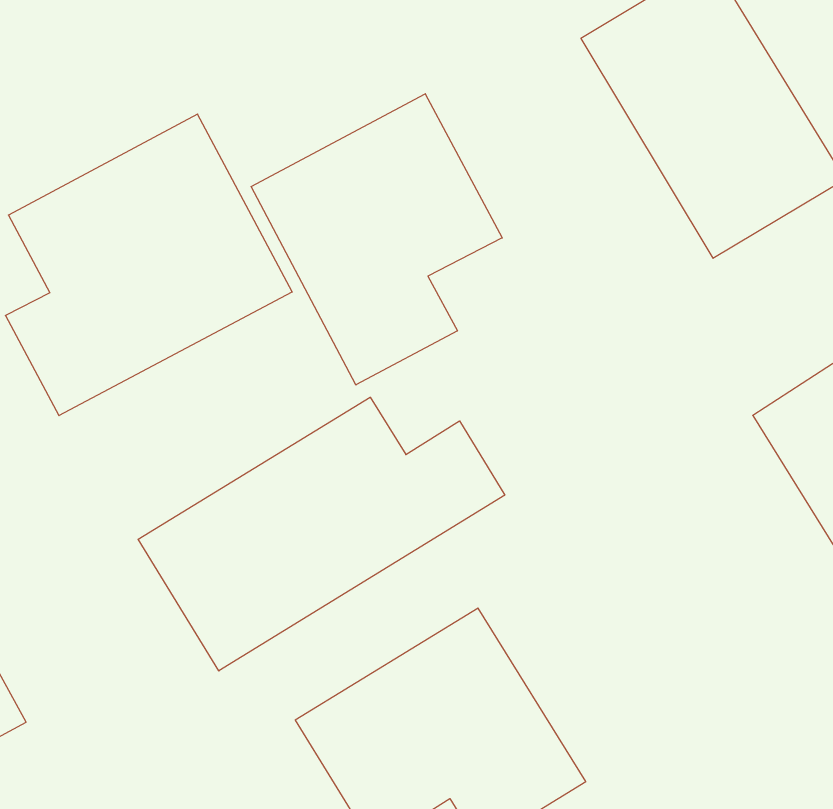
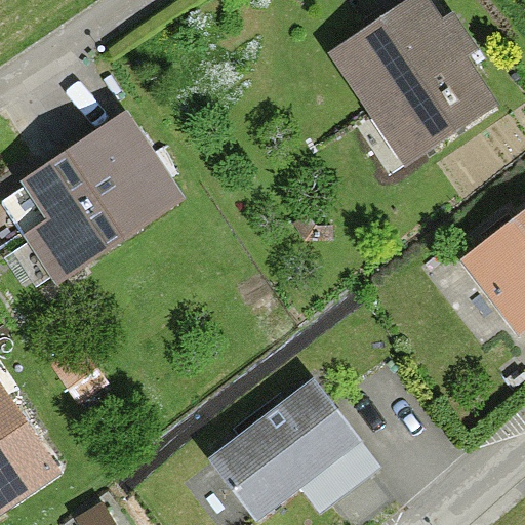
building: [251,94,502,385] -> none
building: [138,397,505,671] -> none

